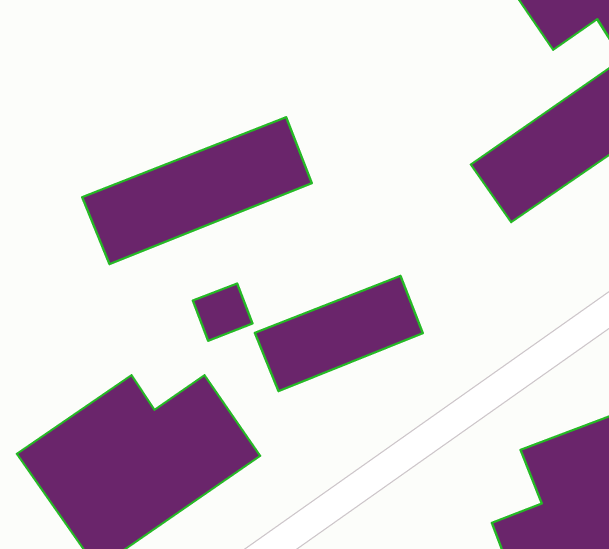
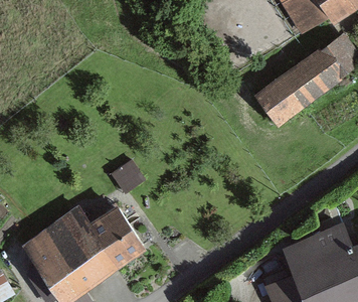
building: [82,117,312,264] -> none
building: [255,276,423,391] -> none

